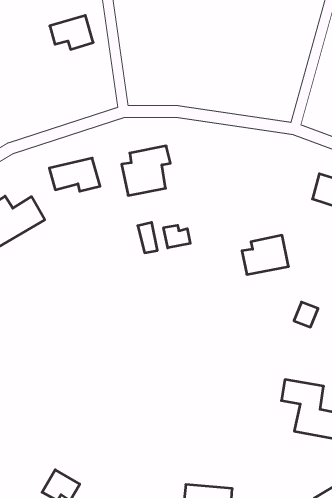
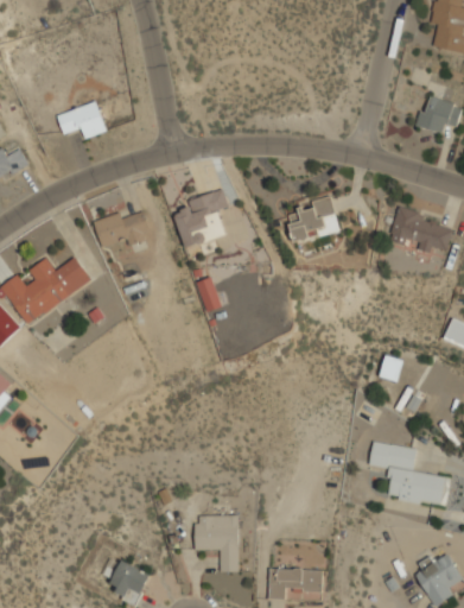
building: [50,15,93,49] -> [57,101,107,140]
building: [164,225,190,248] -> none
building: [242,235,289,274] -> [287,197,341,243]
building: none -> [193,514,240,572]

